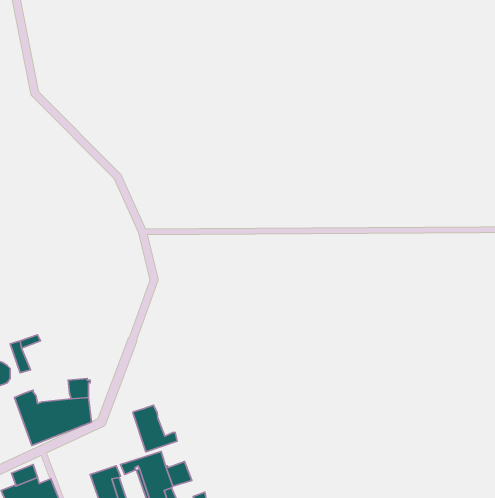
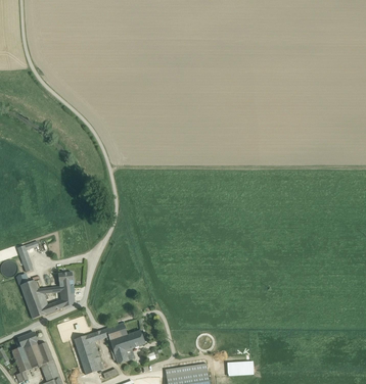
building: [133,405,177,452] -> none

